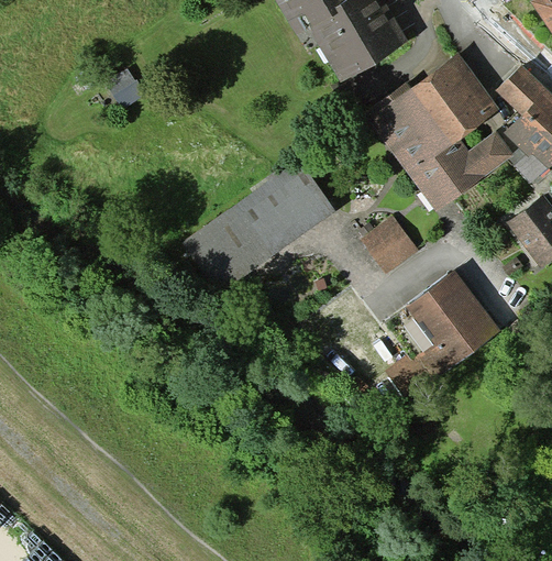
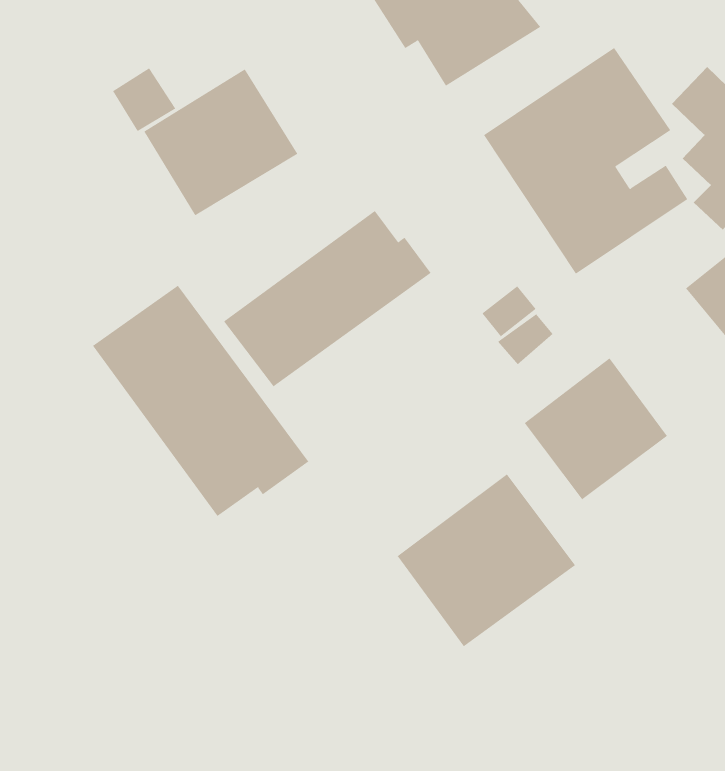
building: none -> [143,69,298,216]
building: none -> [92,285,309,517]
building: none -> [397,474,576,647]

